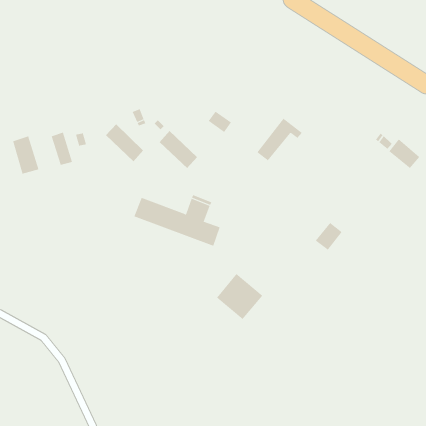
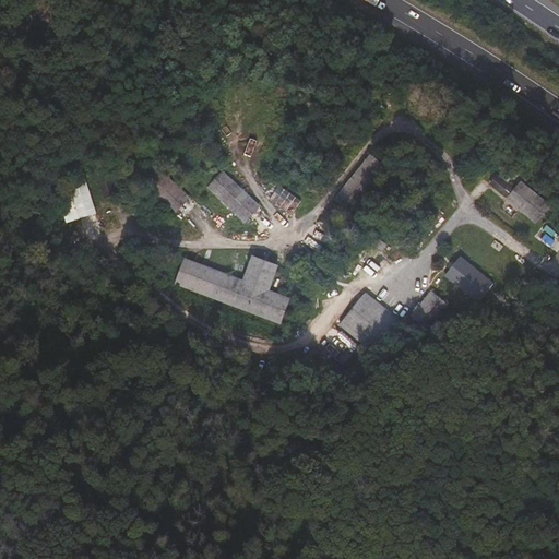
building: [208,111,232,133] -> [269,185,300,213]
building: [13,136,39,175] -> none
building: none -> [445,255,493,301]
building: [216,273,263,320] -> [340,292,401,353]

